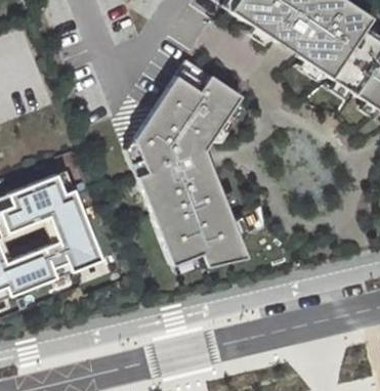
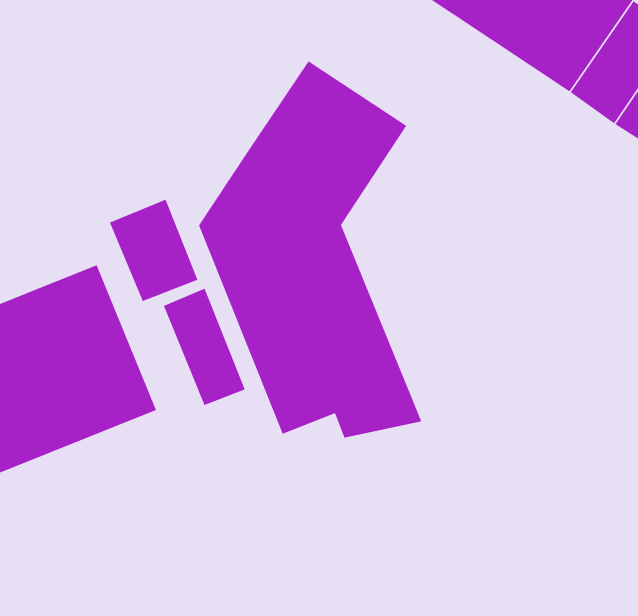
building: none -> [109,199,198,302]
building: none -> [163,288,245,406]

